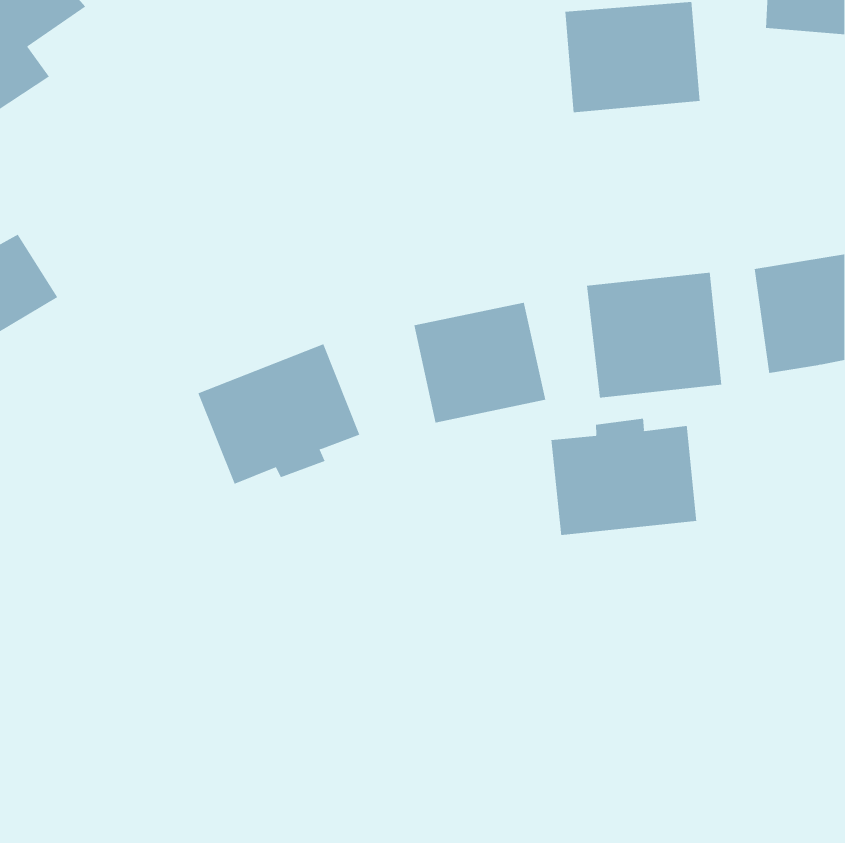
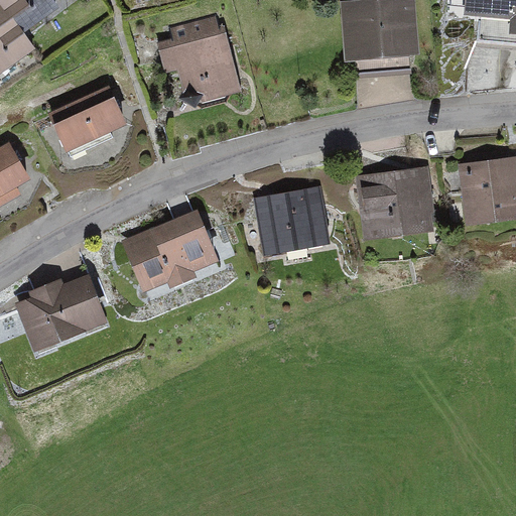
building: none -> [160,18,246,107]
building: none -> [42,85,121,154]
building: [551,418,697,536] -> none
building: none -> [14,273,108,353]

